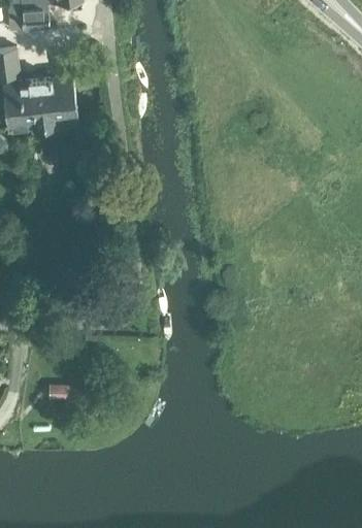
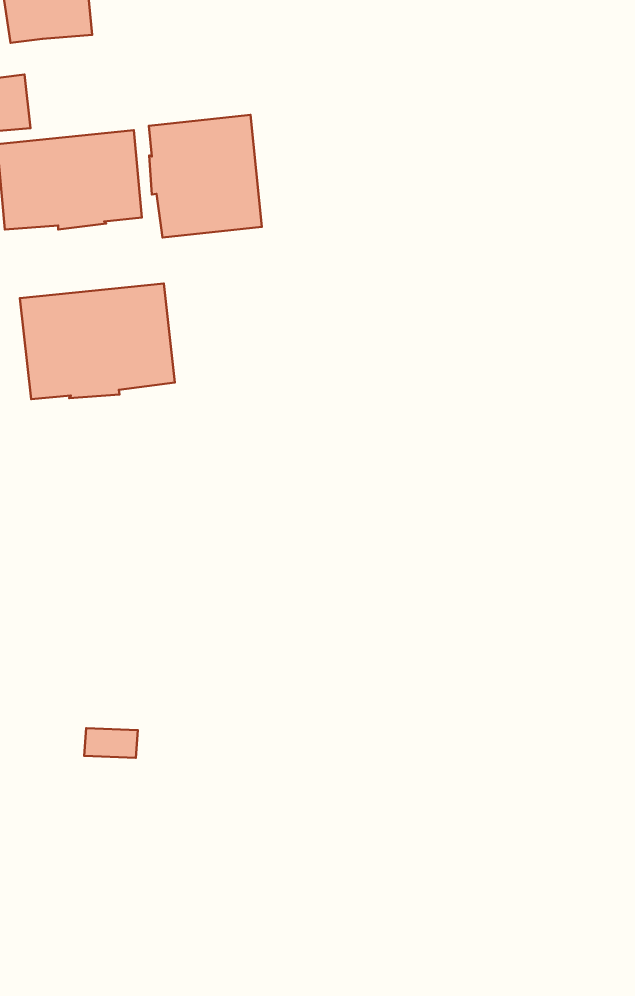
building: none -> [149,115,262,237]
building: none -> [20,283,175,399]

